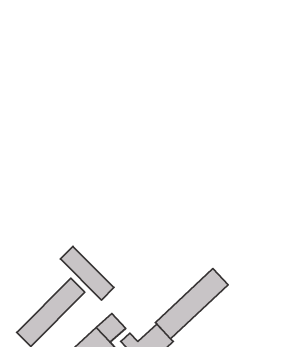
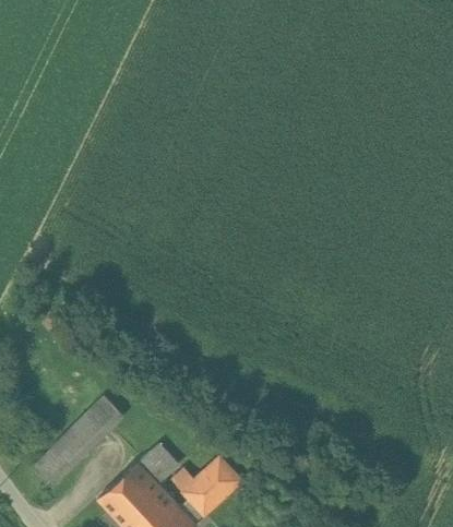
building: [60,246,114,300] -> none
building: [155,269,228,339] -> none

